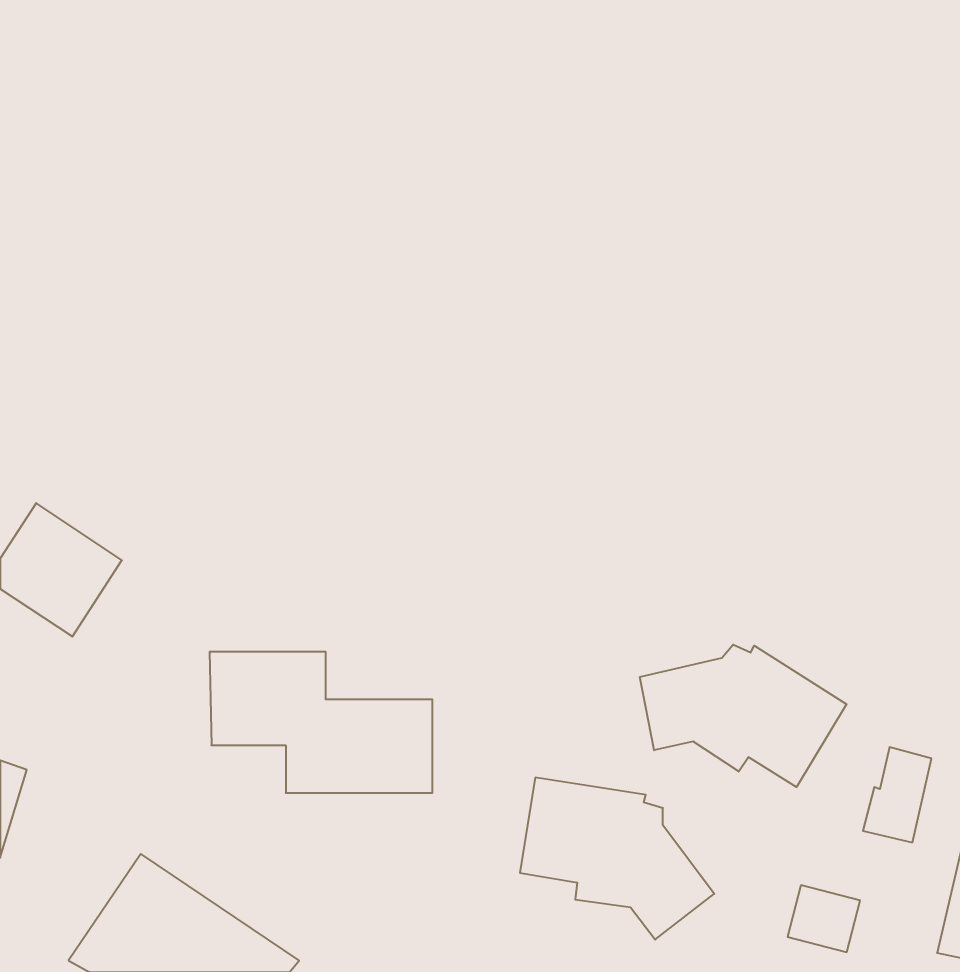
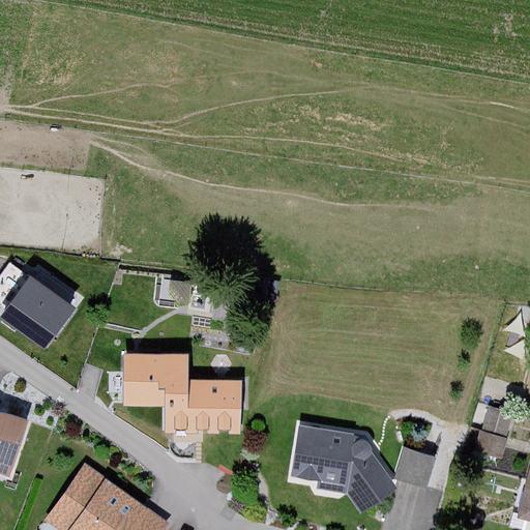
building: [640,645,847,787] -> none
building: [788,885,860,952] -> [396,448,436,484]

